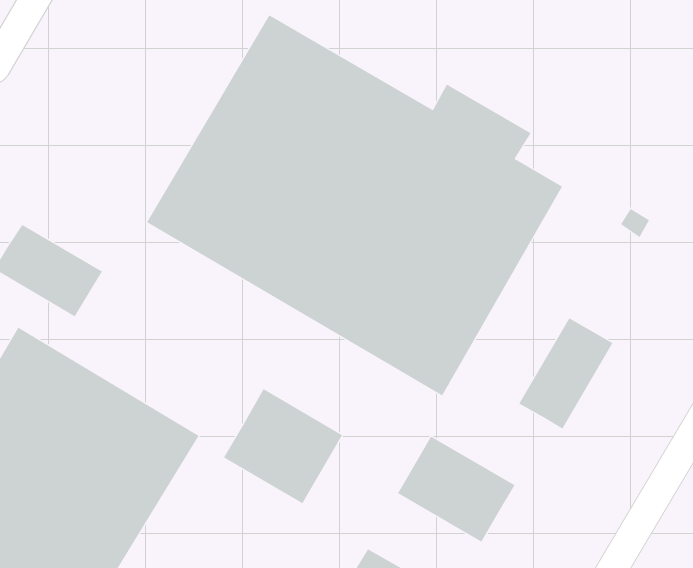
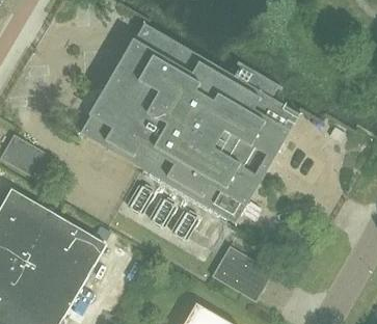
building: [518,317,613,429] -> none
building: [223,388,343,504] -> none

